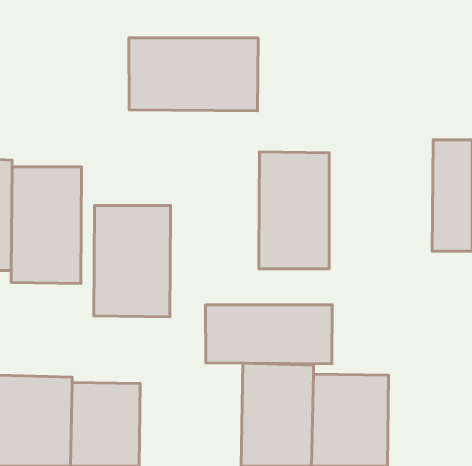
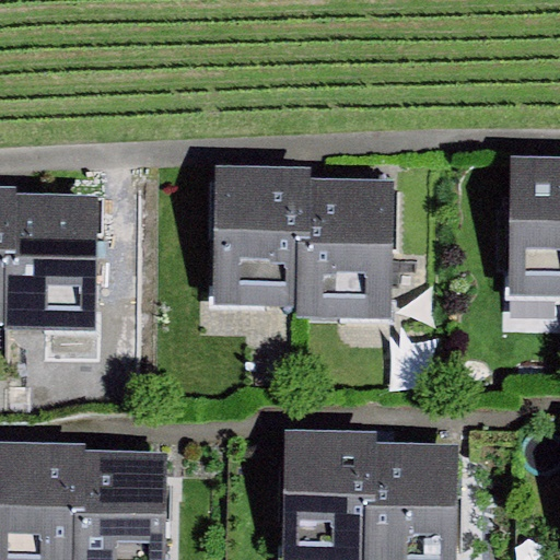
building: [129,38,258,111] -> none
building: [94,206,171,317] -> [215,172,306,303]
building: [205,305,332,364] -> none

